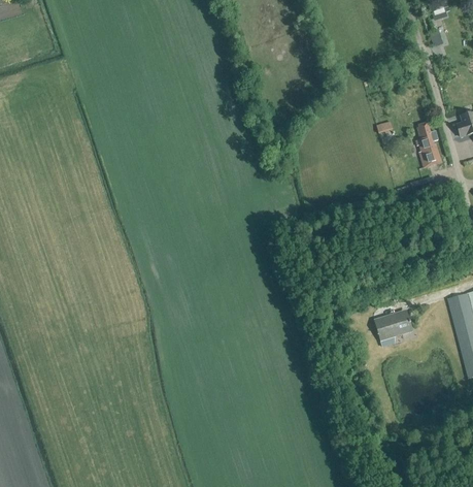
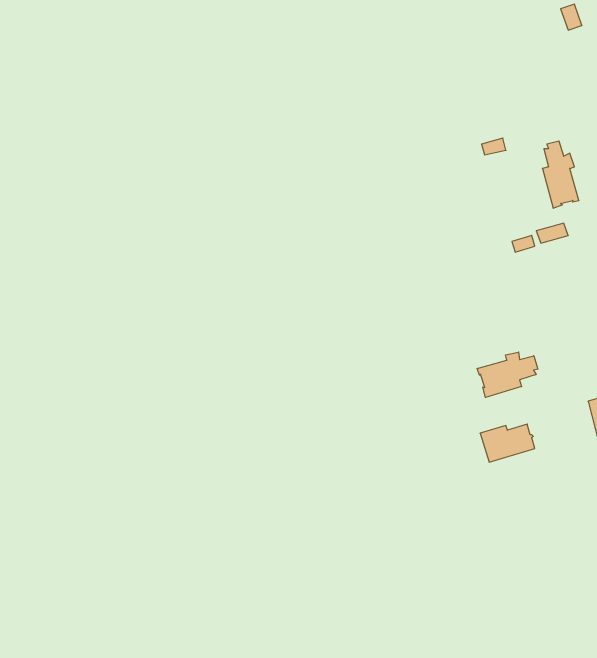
building: none -> [477,352,538,397]

